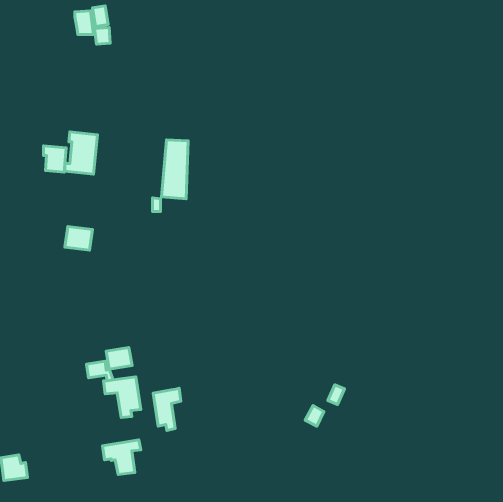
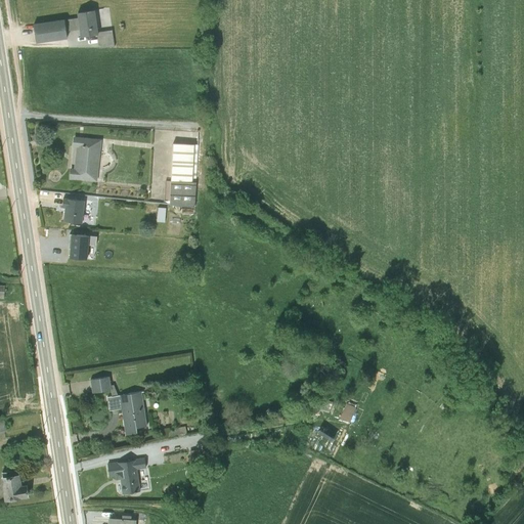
building: none -> [34,17,80,40]
building: [44,146,66,172] -> [60,199,84,226]
building: [106,348,132,369] -> none
building: [153,388,181,430] -> none

